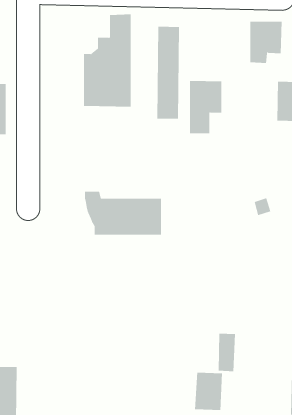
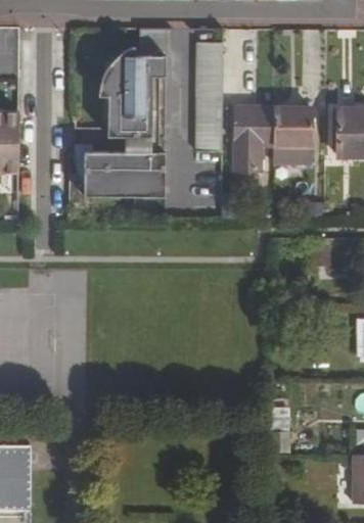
building: [250,21,282,63] -> [272,107,311,157]
building: [84,191,162,235] -> [73,144,165,196]
building: [194,372,223,411] -> none

